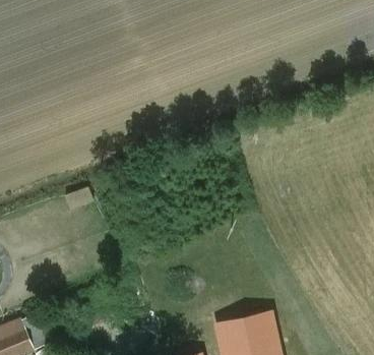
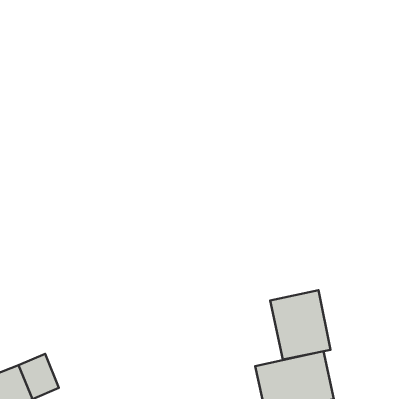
building: none -> [270,290,330,359]

